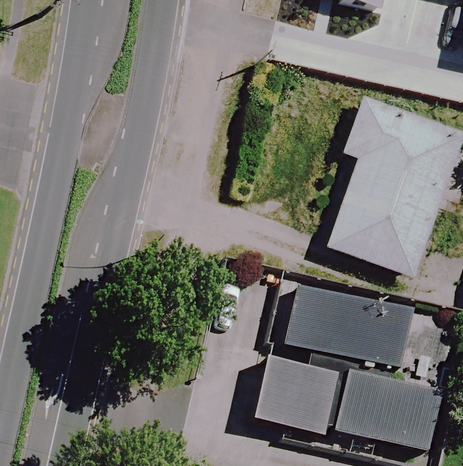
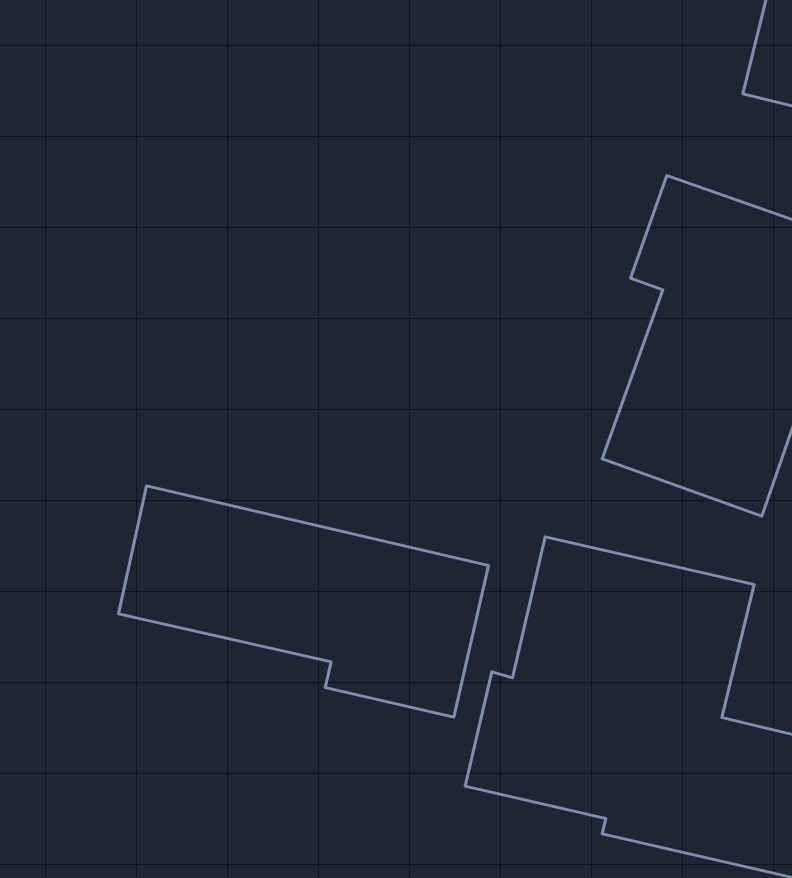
building: none -> [119,486,489,717]

